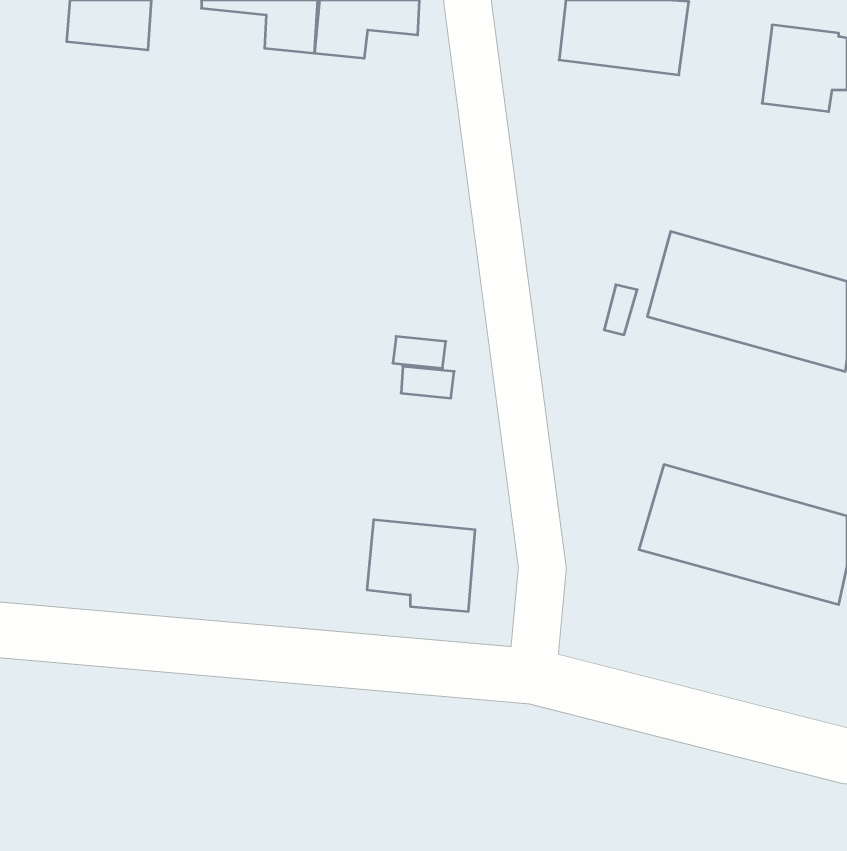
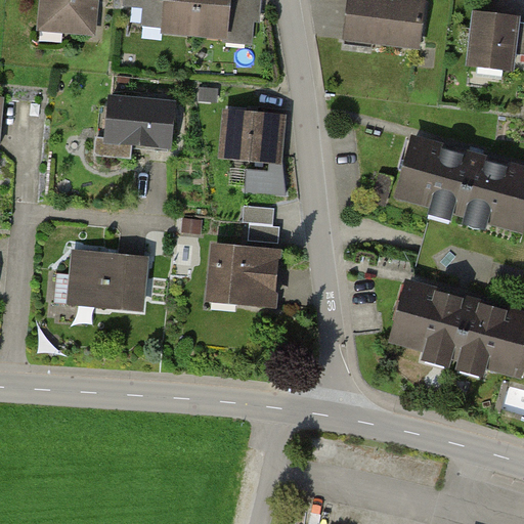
building: none -> [94,99,172,158]
building: none -> [228,115,286,195]
building: none -> [53,252,145,307]
building: [367,520,475,611] -> [210,248,276,304]

